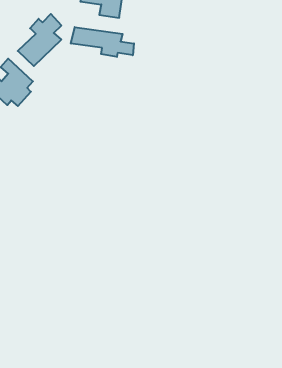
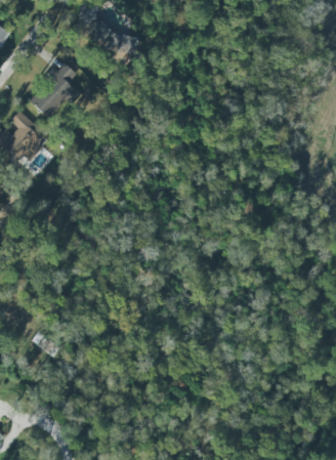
building: [71,27,134,57] -> none

